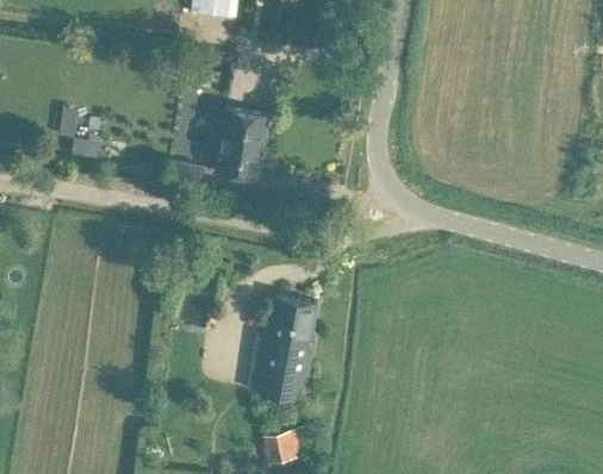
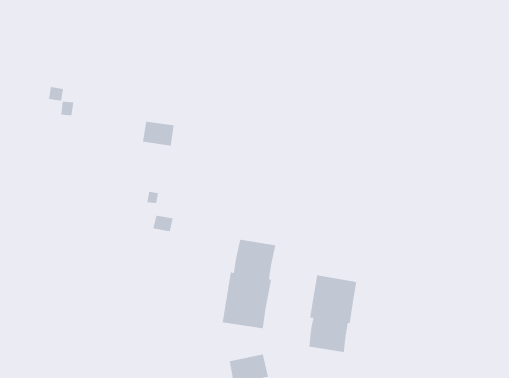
building: [217,110,269,177] -> none
building: none -> [309,274,357,353]

